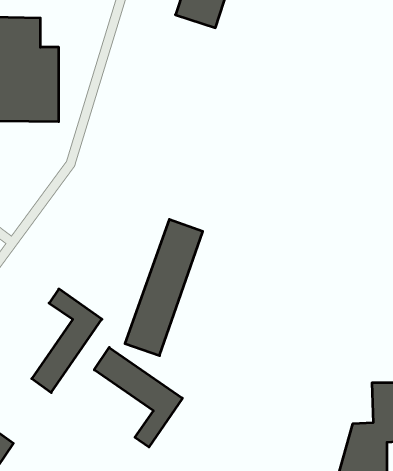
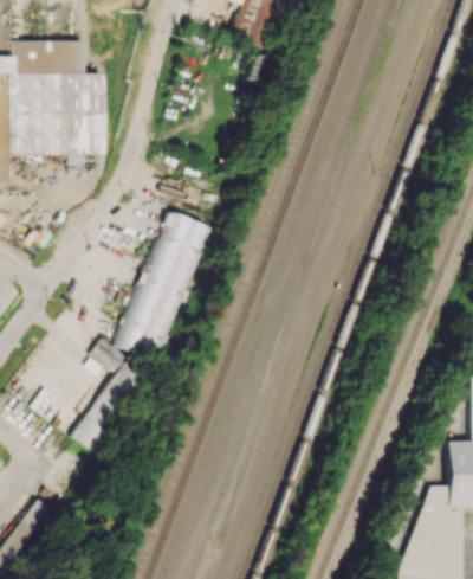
building: [125,219,203,356] -> [118,210,203,359]
building: [94,347,182,447] -> none

